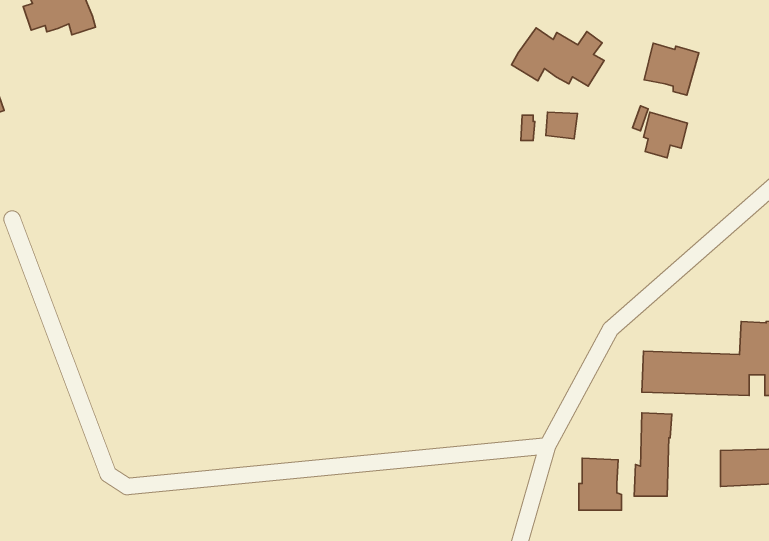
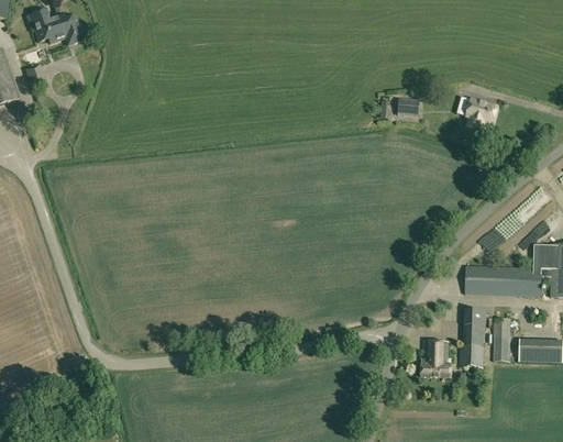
building: [512,28,604,86] -> none
building: [644,43,699,95] -> none
building: none -> [494,318,510,362]

